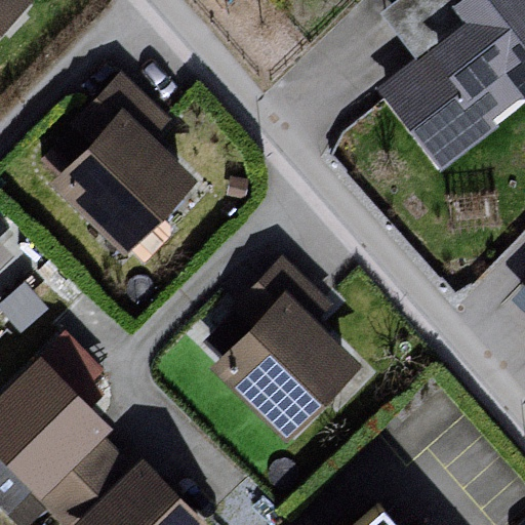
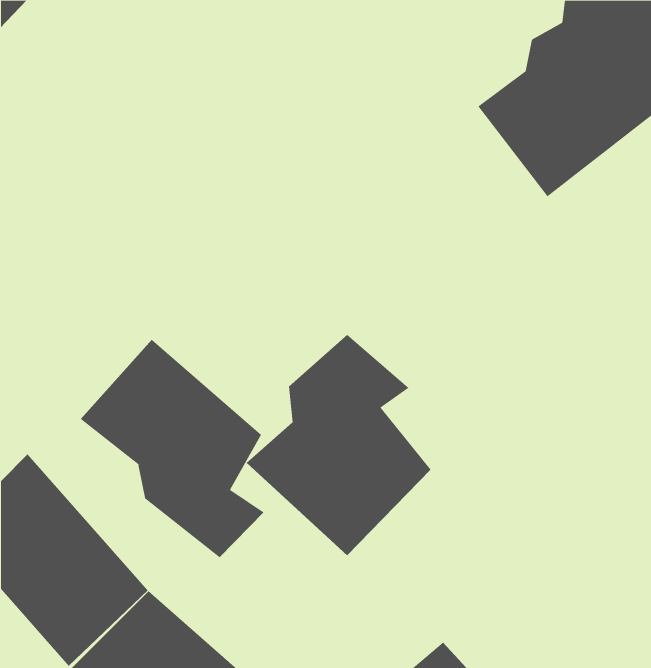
building: [45,111,196,262] -> none
building: none -> [80,339,264,558]

